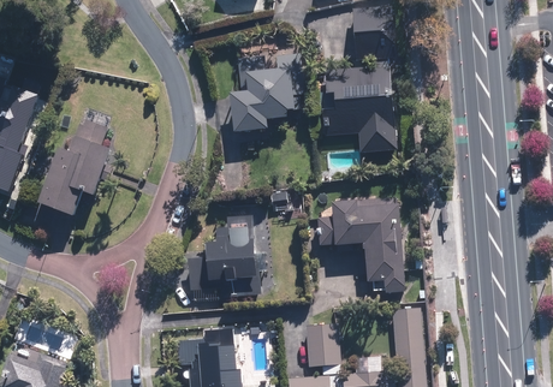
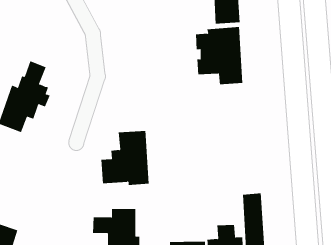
building: [228,52,303,136] -> none
building: [317,198,402,293] -> none
building: [301,326,339,373] -> none

